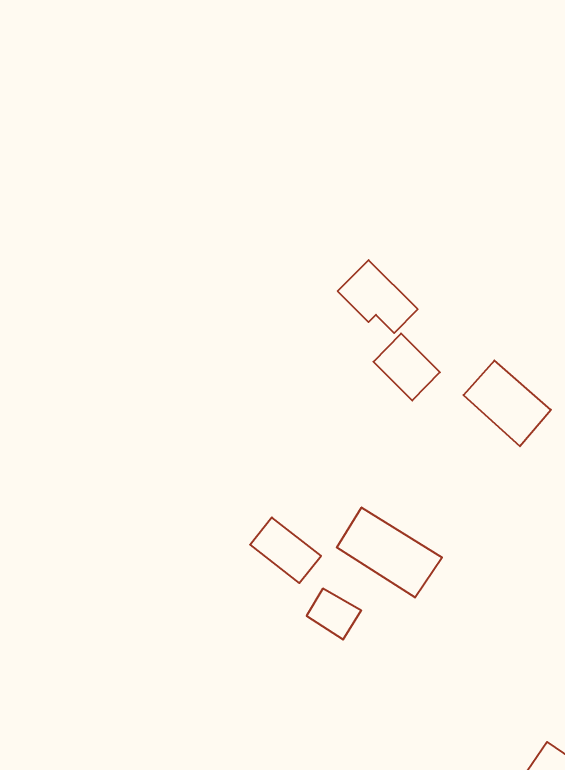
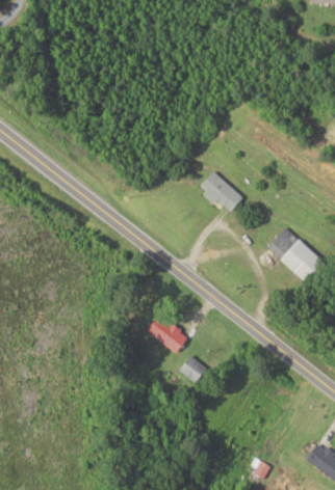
building: [373,333,440,401] -> none
building: [337,507,442,598] -> none

